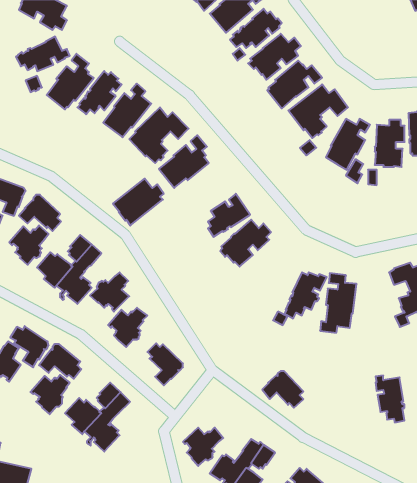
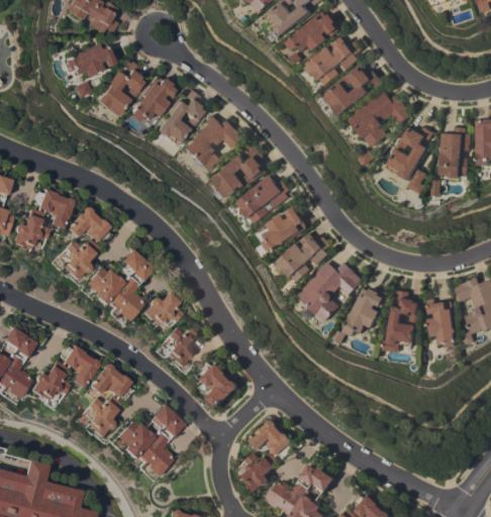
building: [113,179,164,226] -> [236,174,290,223]
building: none -> [298,261,363,321]
building: [262,371,303,408] -> [250,420,293,458]
building: [376,376,404,422] -> [426,298,457,347]

